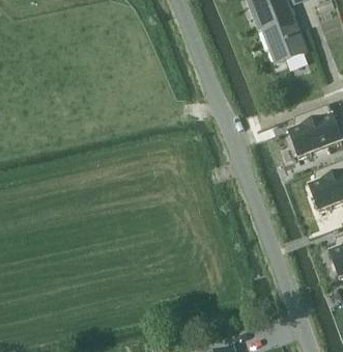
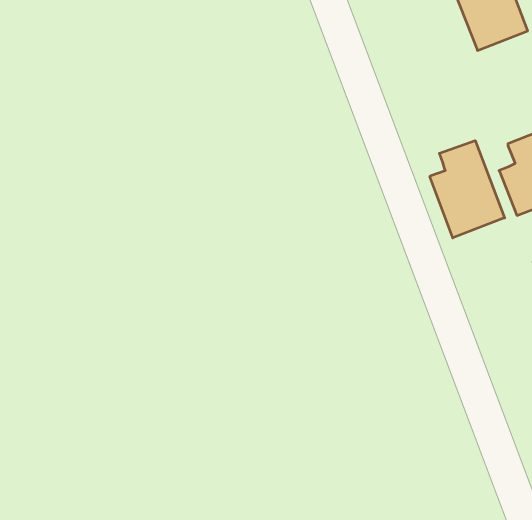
building: none -> [430,141,505,238]

